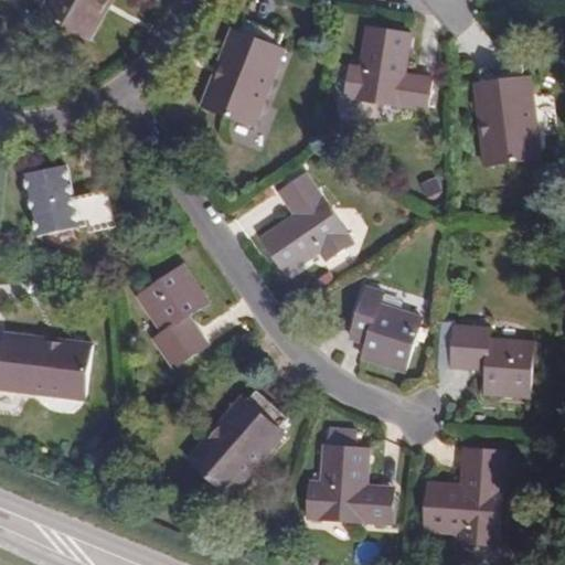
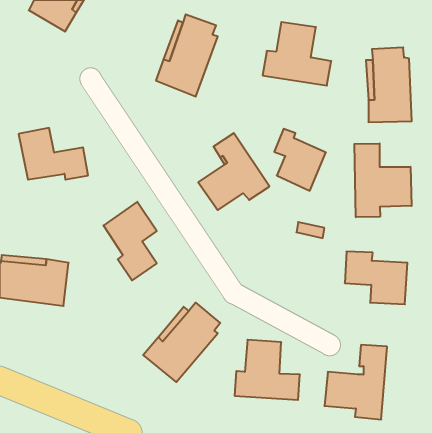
building: none -> [354,143,412,217]
building: [351,289,418,370] -> [274,129,326,191]

